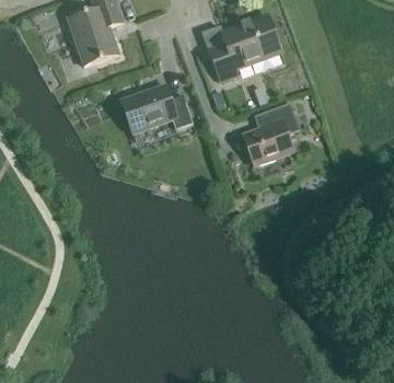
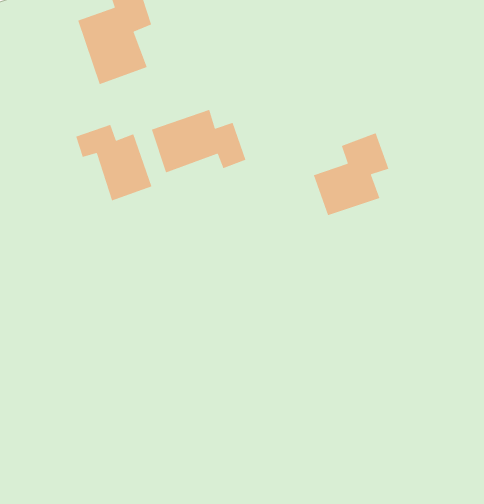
building: [201,15,280,80] -> none
building: none -> [75,124,152,202]

